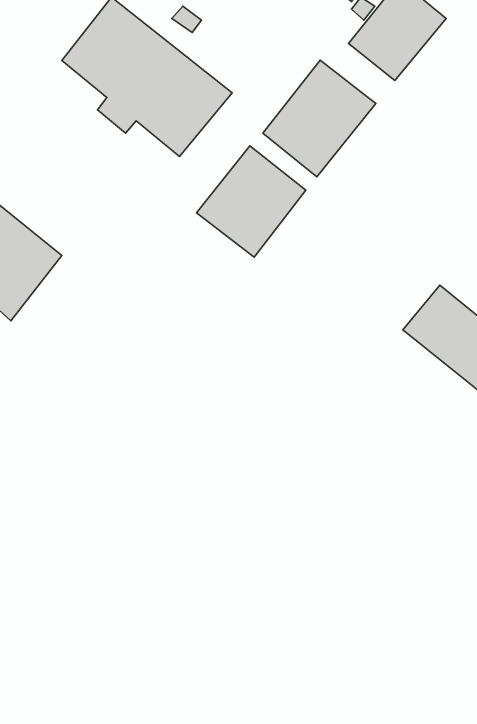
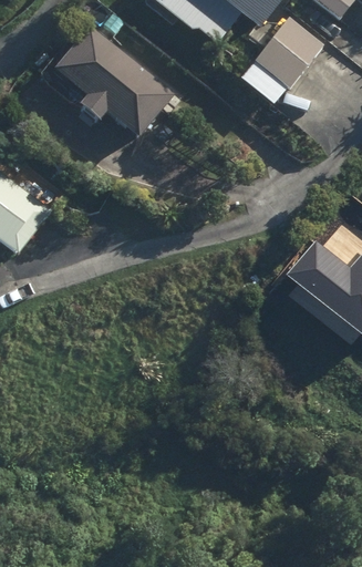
building: [263,60,376,177] -> none
building: [197,146,306,257] -> none

